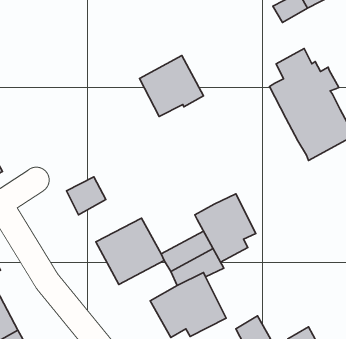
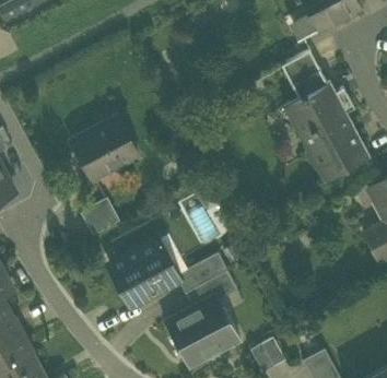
building: none -> [281,51,319,85]
building: [140,56,204,116] -> [73,117,138,178]
building: [195,194,256,262] -> none

